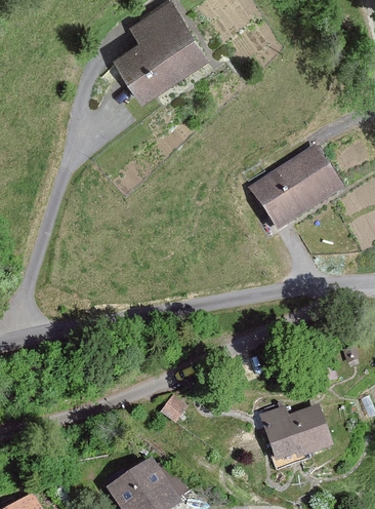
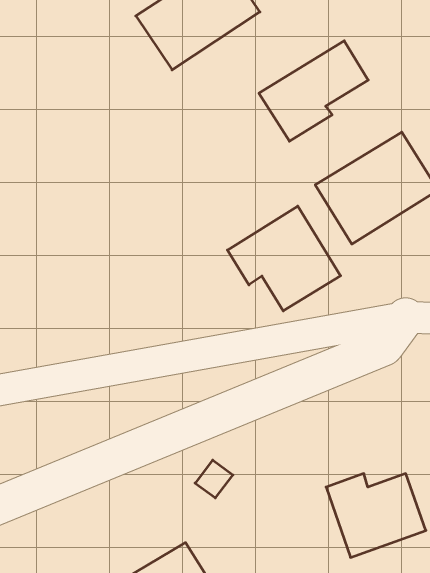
building: none -> [259,41,368,141]
building: none -> [227,206,341,311]

